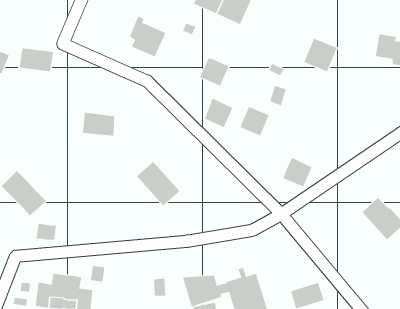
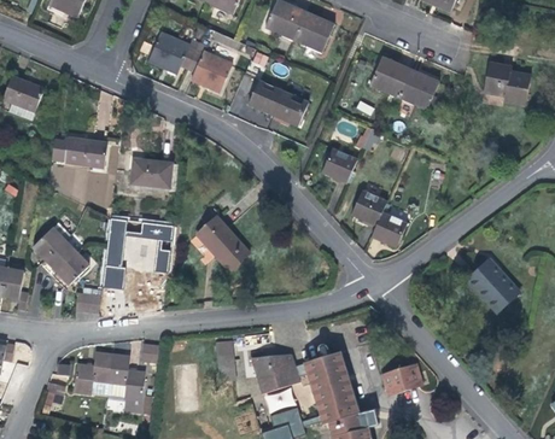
building: none -> [147,31,194,74]
building: none -> [368,55,409,98]
building: [19,48,54,72] -> [64,139,106,168]
building: [204,98,233,128] -> [247,80,282,116]
building: none -> [352,192,386,226]
building: none -> [101,217,174,288]

